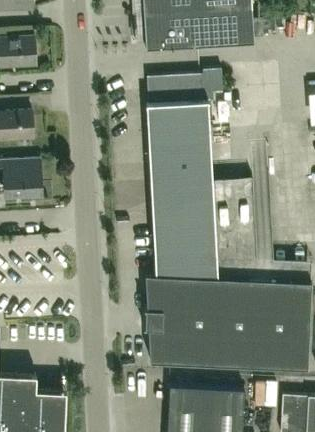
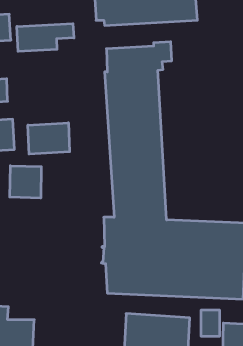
building: none -> [17,24,74,51]
building: none -> [28,123,70,154]
building: none -> [10,166,41,198]

